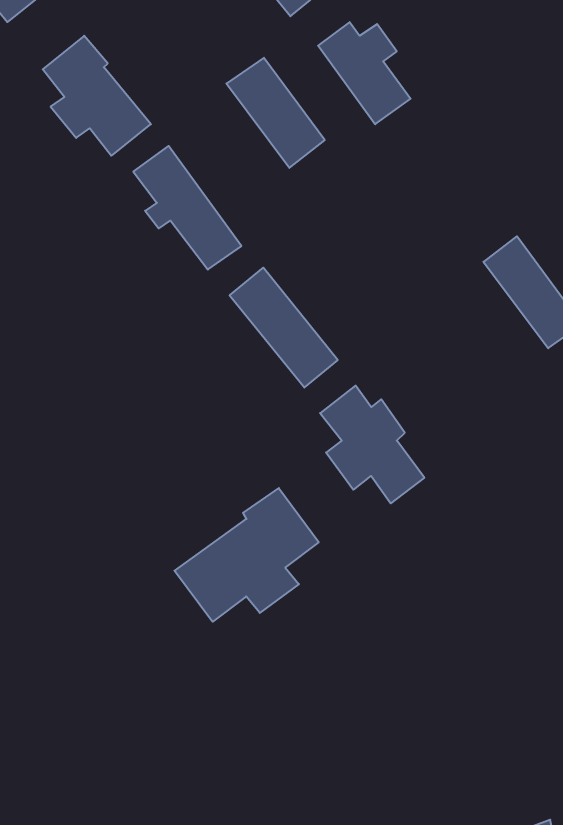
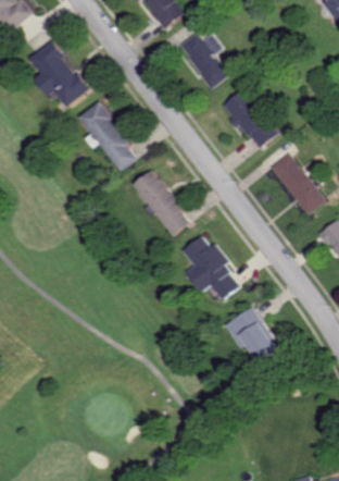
building: [226,58,325,168] -> [223,89,277,150]
building: [174,488,319,622] -> none
building: none -> [229,307,276,359]

